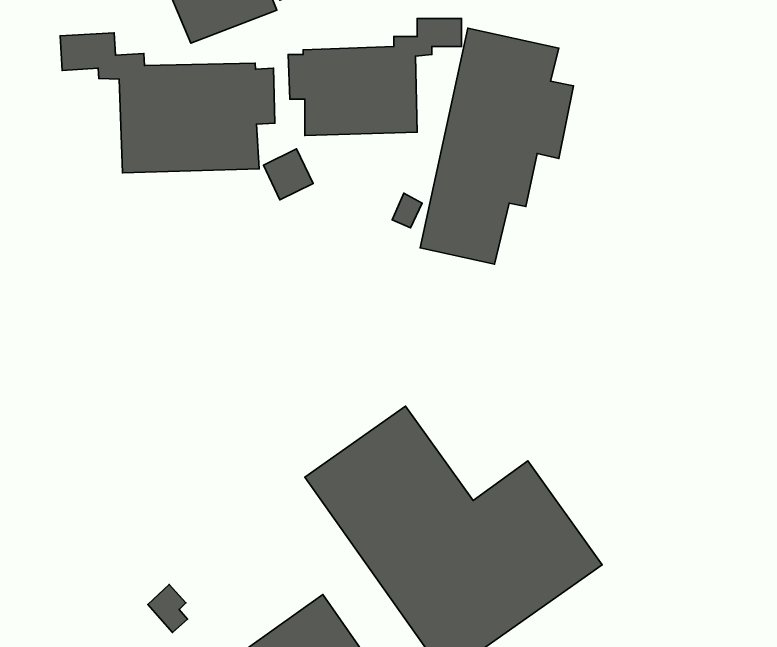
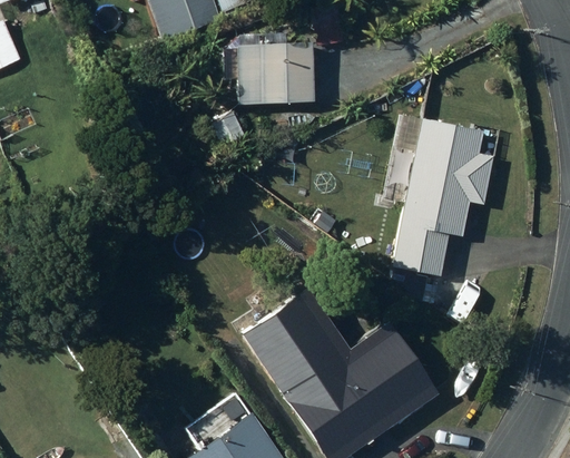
building: [420,28,574,264] -> [390,116,493,275]
building: [60,33,275,173] -> none

